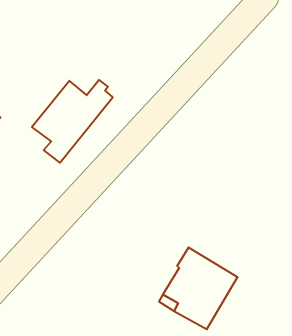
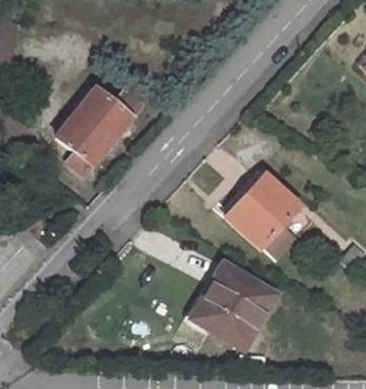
building: none -> [228,177,300,249]

